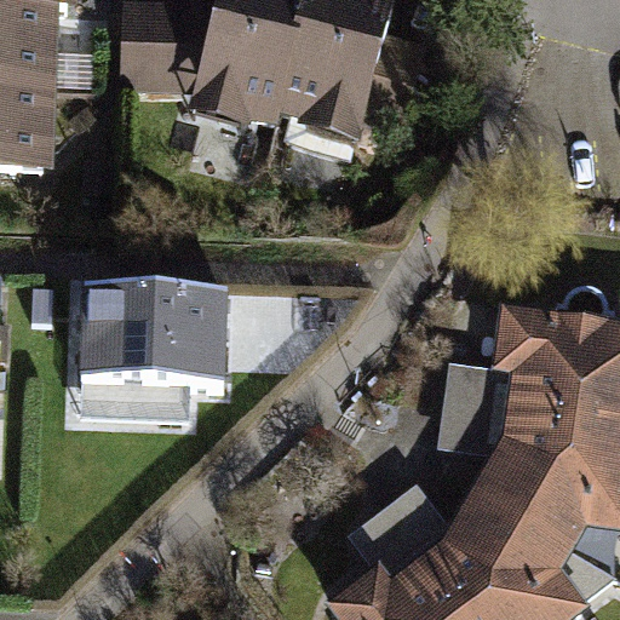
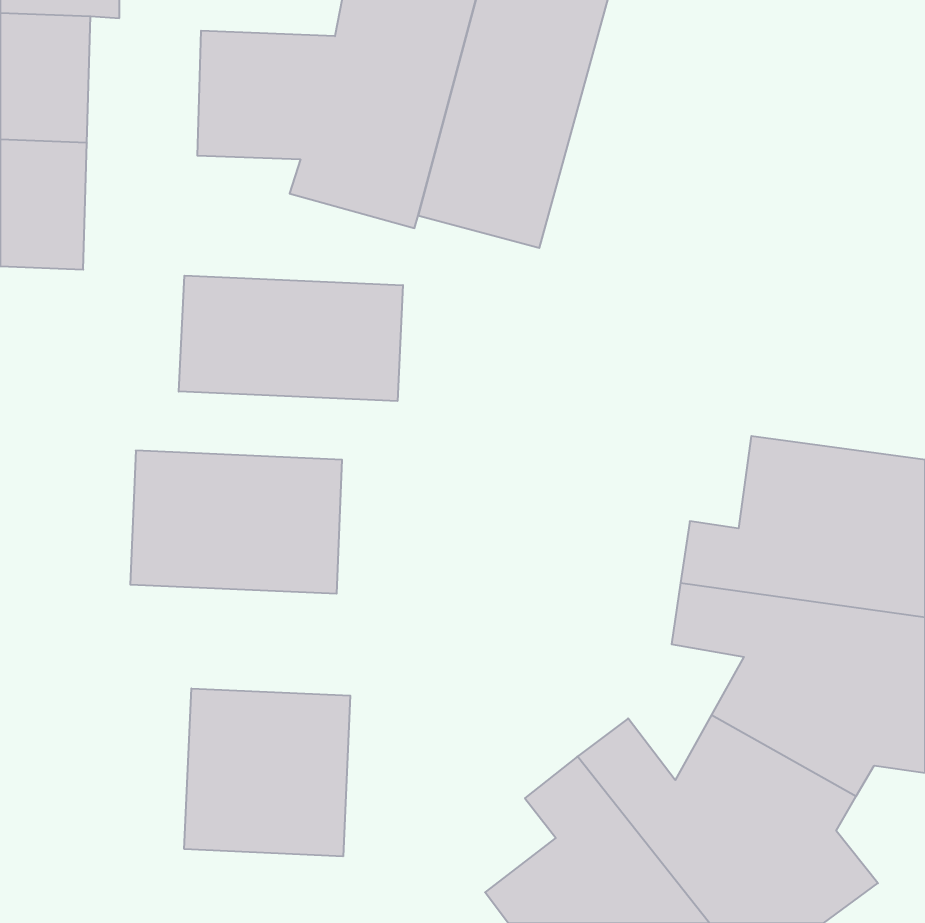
building: none -> [179,276,403,401]
building: none -> [184,688,350,856]

